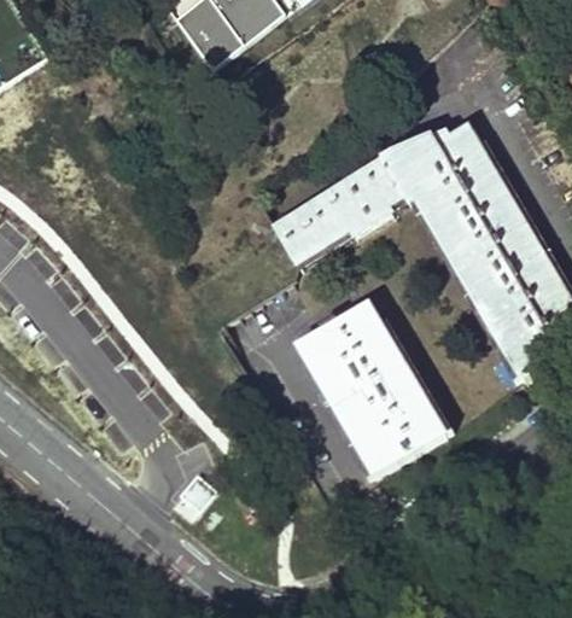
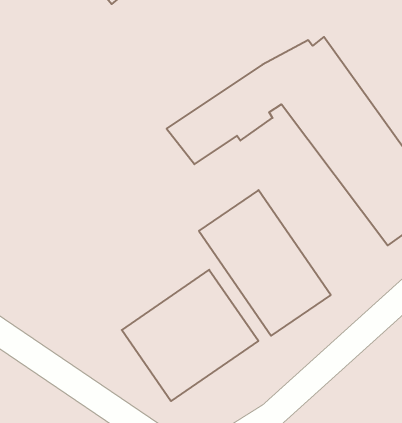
building: none -> [122,270,258,401]

